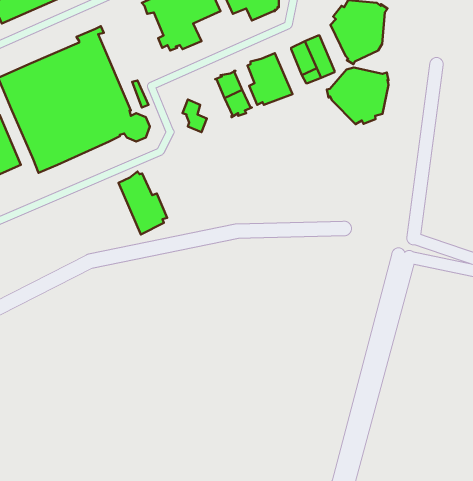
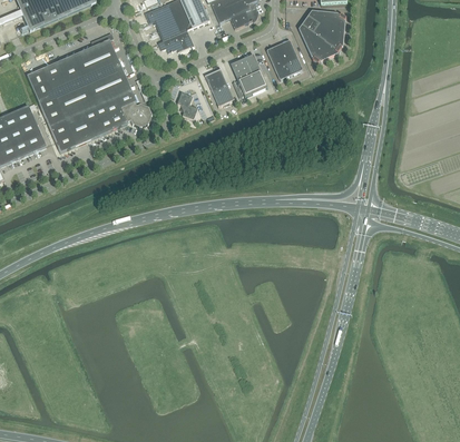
building: [327,67,389,124] -> none
building: [119,172,167,235] -> none

